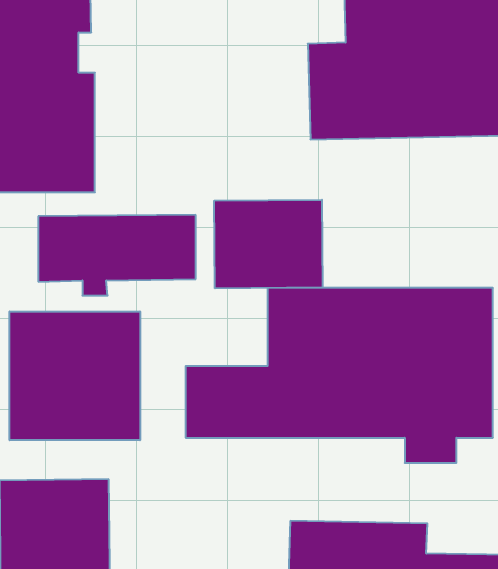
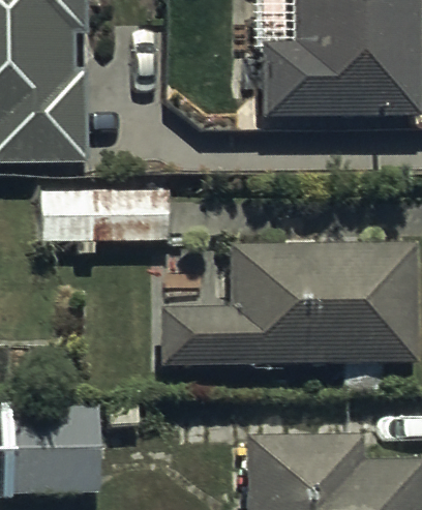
building: [214,200,323,288] -> none
building: [10,311,140,440] -> none

